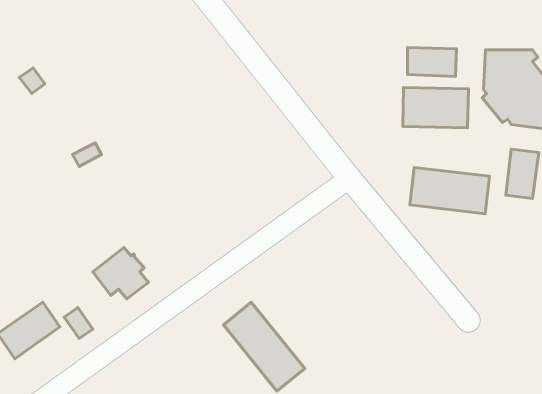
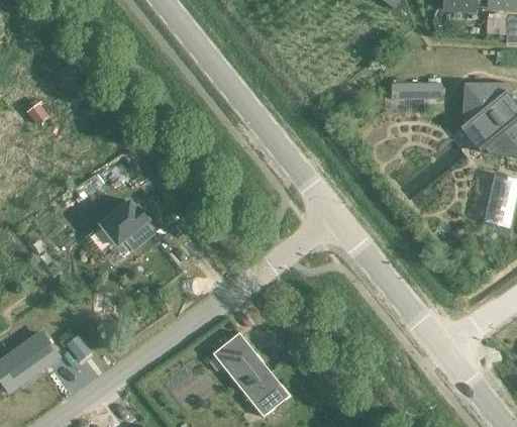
building: [403,87,469,128] -> none
building: [410,168,490,214] -> none
building: [93,247,148,299] -> [102,198,154,246]

